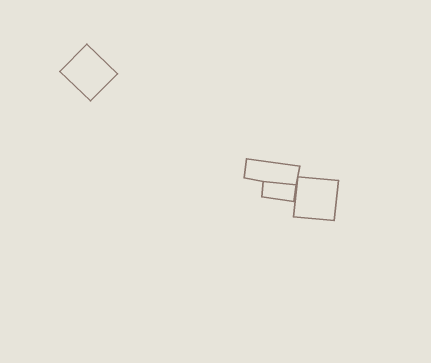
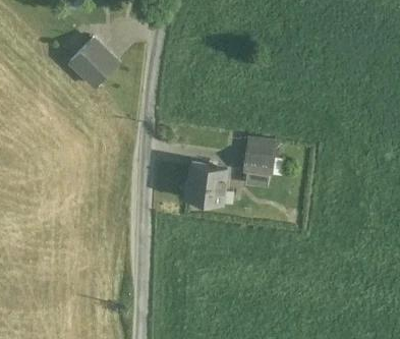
building: [293,177,339,221] -> none
building: none -> [184,166,227,207]

